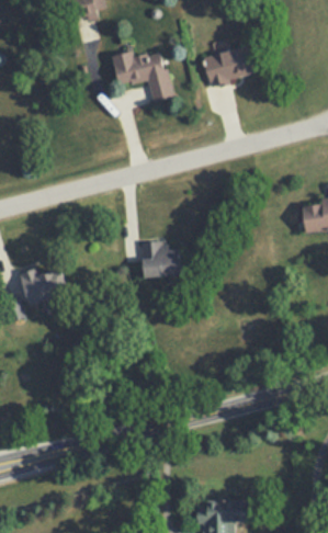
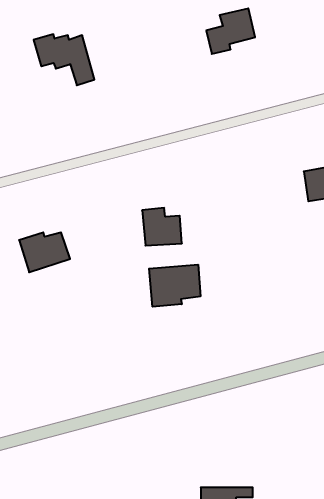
building: [111,49,171,100] -> [34,34,94,85]
building: none -> [149,265,200,307]

